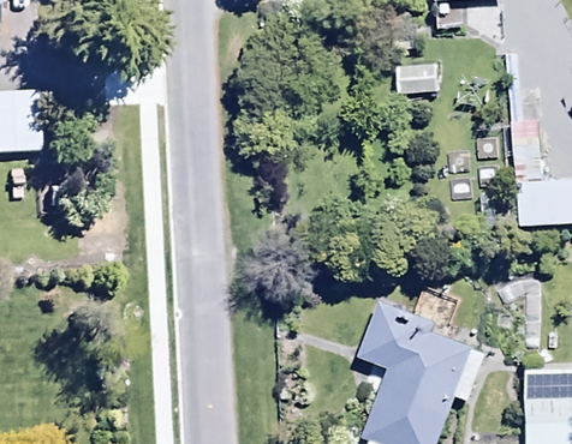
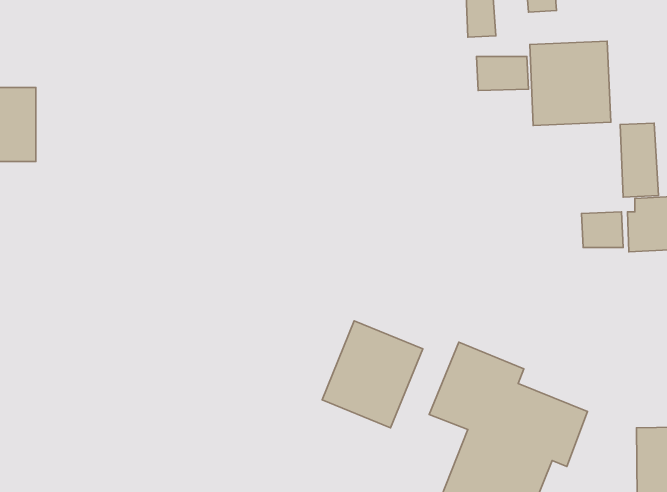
building: none -> [530,41,611,125]
building: none -> [322,321,423,428]

